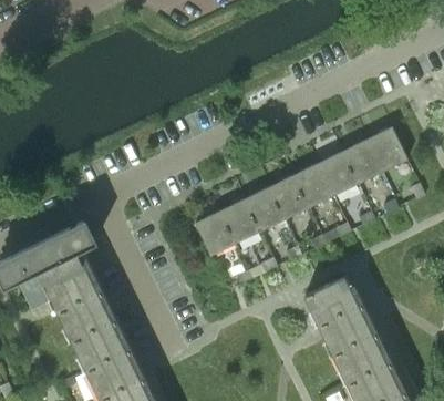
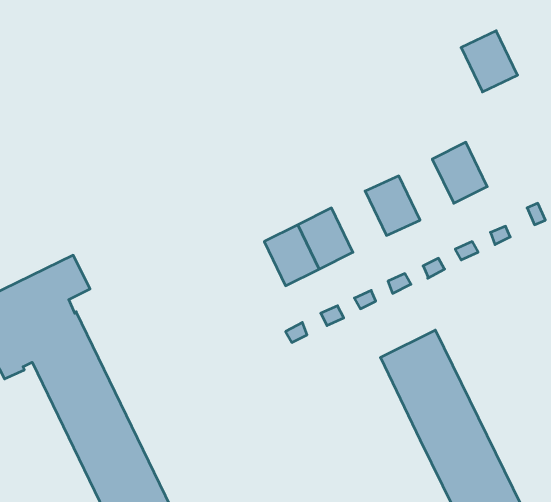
building: [366,126,407,171] -> [461,31,518,92]
building: [318,151,358,195] -> none
building: [269,174,309,218] -> none
building: [195,210,236,255] -> none

